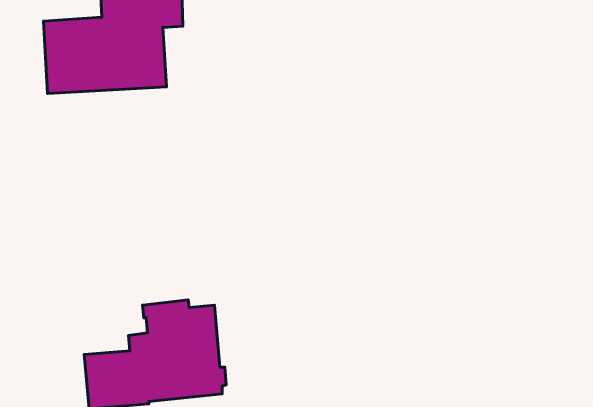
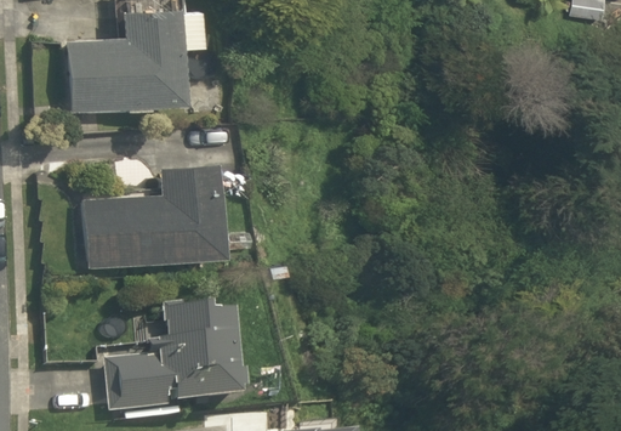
building: none -> [87,160,224,266]

